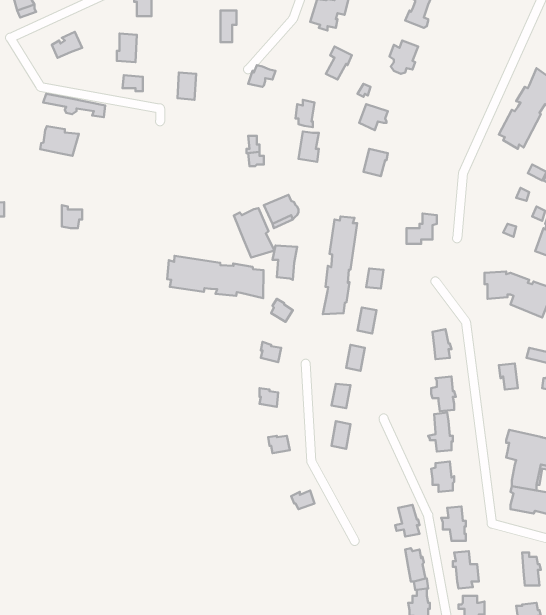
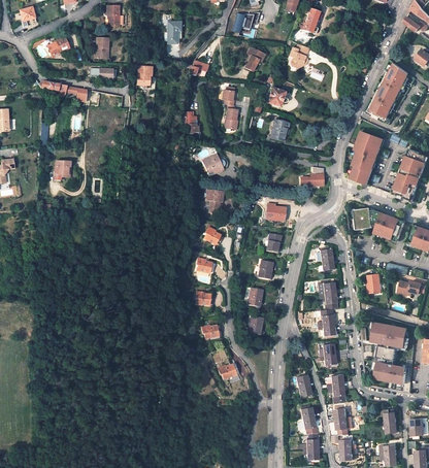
building: [40,126,79,156] -> none
building: none -> [352,131,383,183]
building: [234,208,274,258] -> none
building: [323,217,357,314] -> none
building: [167,256,263,298] -> none

